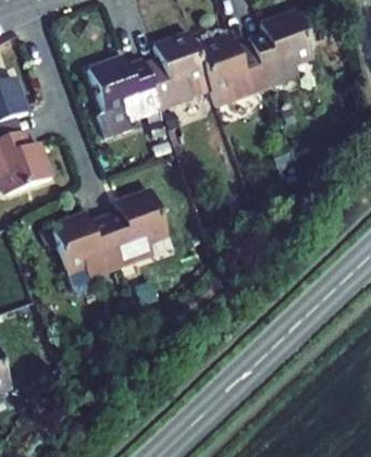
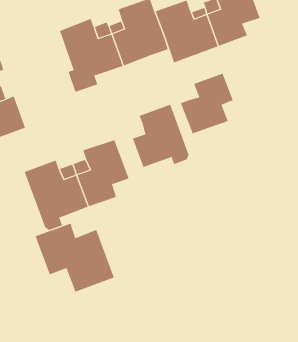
building: none -> [180,73,233,134]
building: none -> [132,104,189,168]
building: none -> [35,223,114,292]

